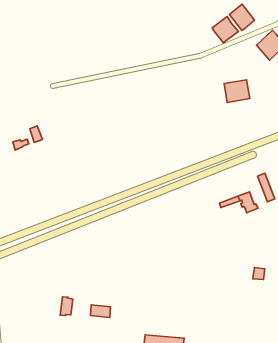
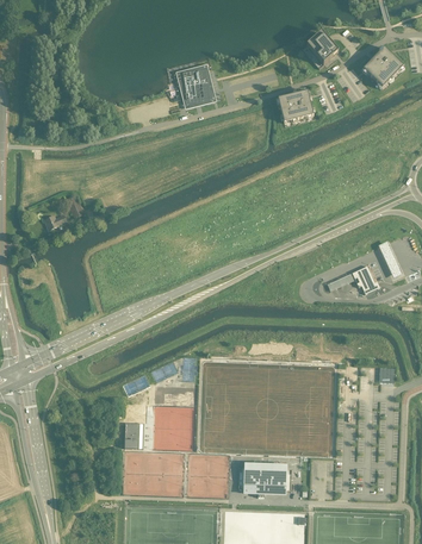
building: [229,4,254,31] -> none
building: none -> [181,69,211,104]
building: [224,80,250,102] -> [278,90,314,123]

